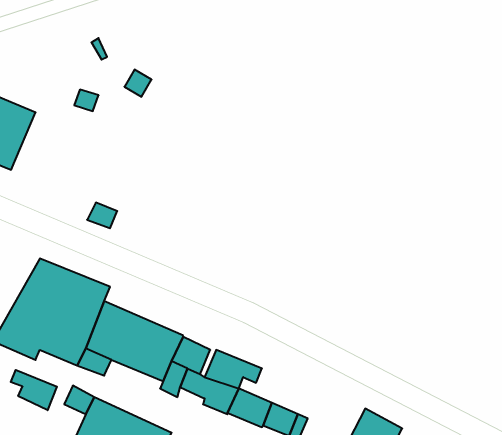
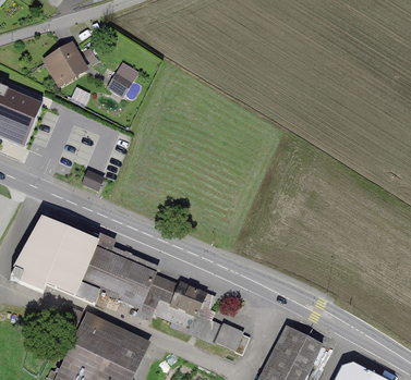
building: none -> [46,42,86,81]
building: [11,370,57,410] -> none

